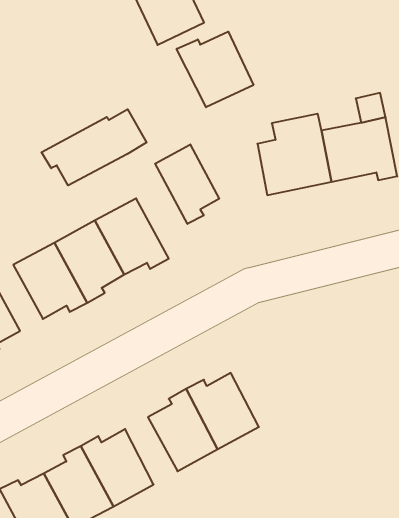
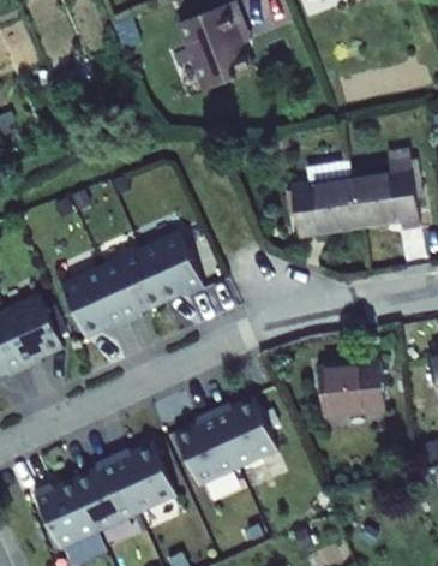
building: [177,32,253,107] -> none
building: [41,109,147,185] -> none
building: [155,144,219,224] -> none
building: none -> [318,362,384,416]

